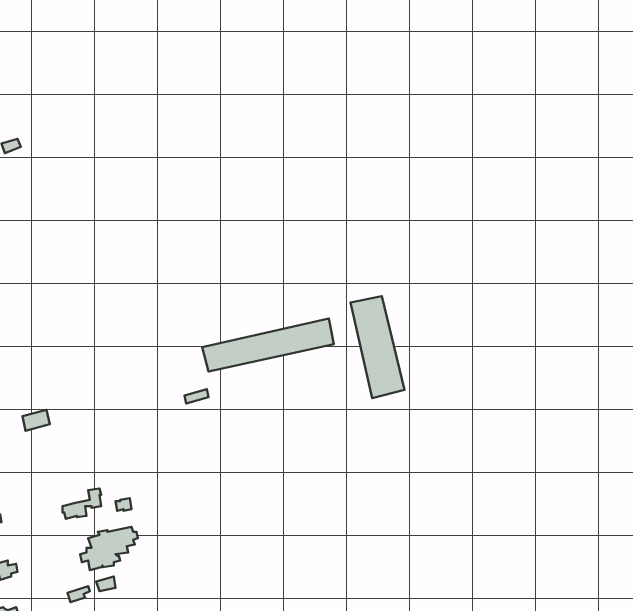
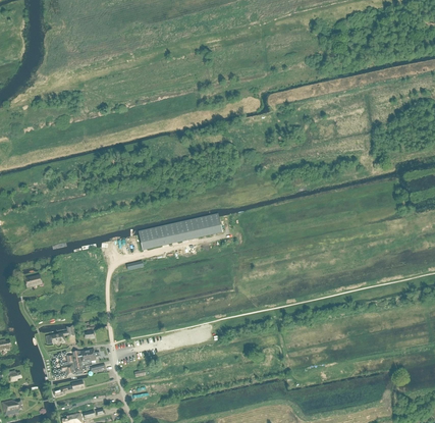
building: [351,296,405,398] -> none

